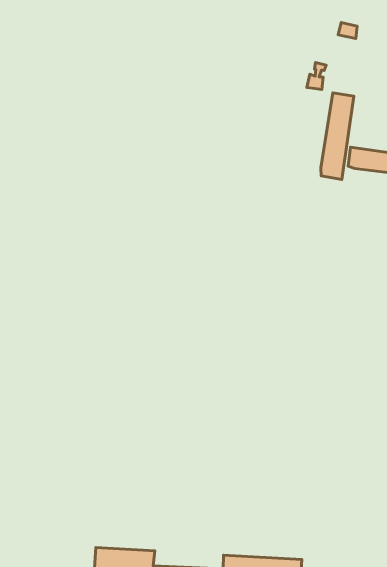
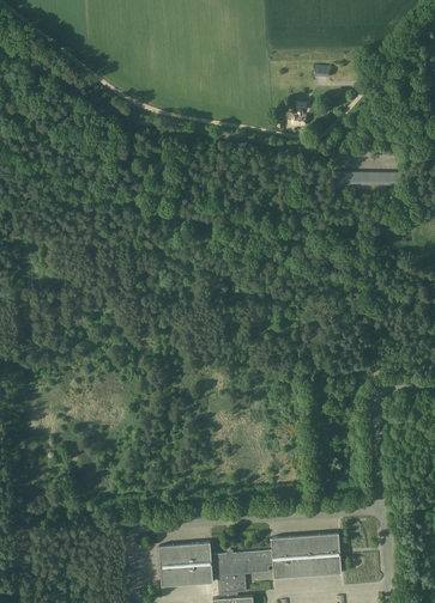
building: [321,93,354,179] -> none

